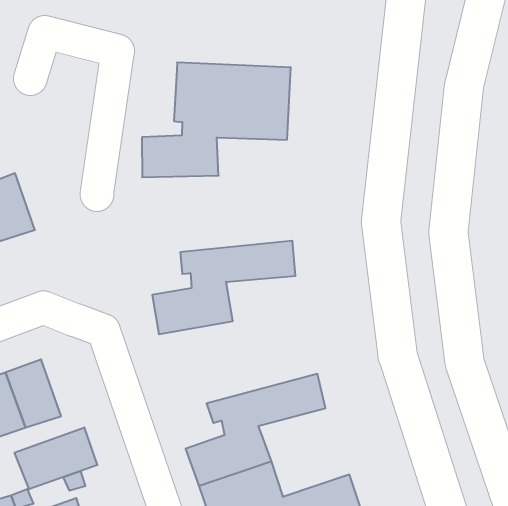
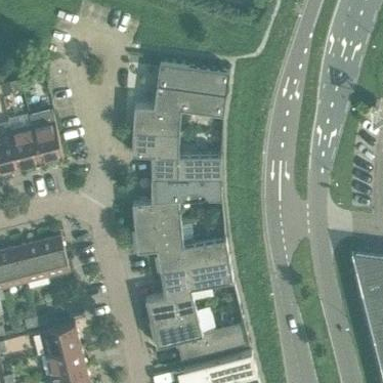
building: none -> [131,130,221,178]
building: none -> [134,223,229,272]
building: [15,427,97,489] -> none

